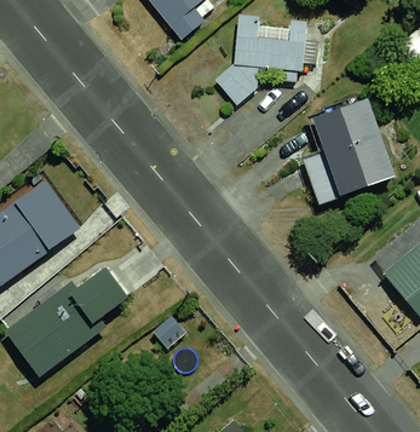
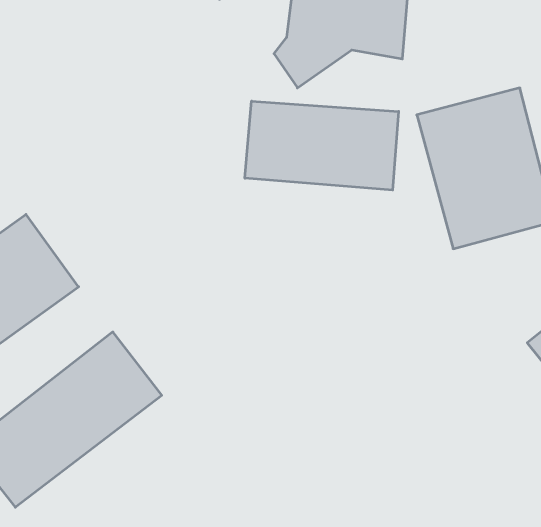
building: none -> [245,101,399,190]

